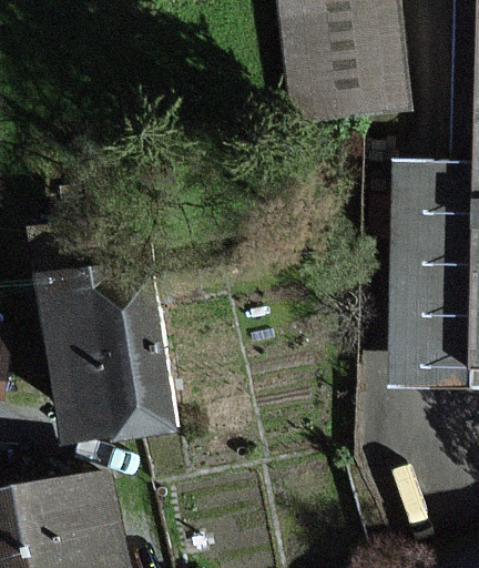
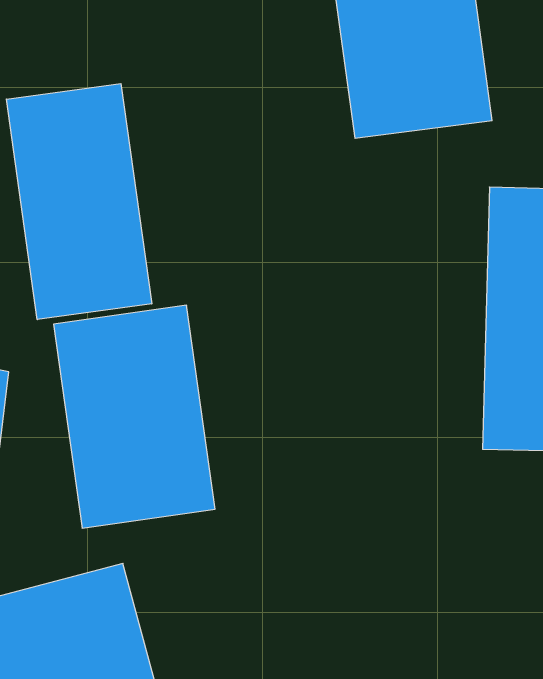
building: none -> [6,84,152,320]

